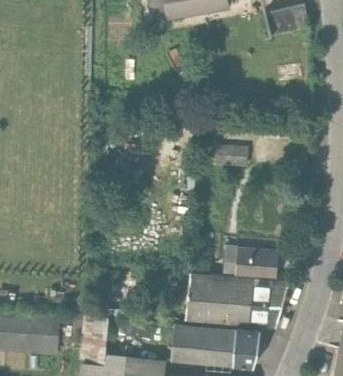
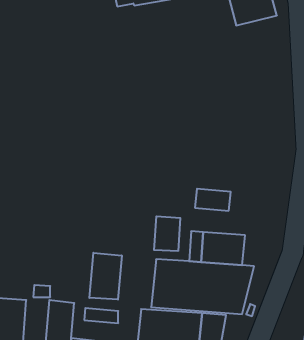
building: [212,146,248,168] -> [195,189,231,211]
building: none -> [154,216,180,251]
building: none -> [89,253,122,300]

